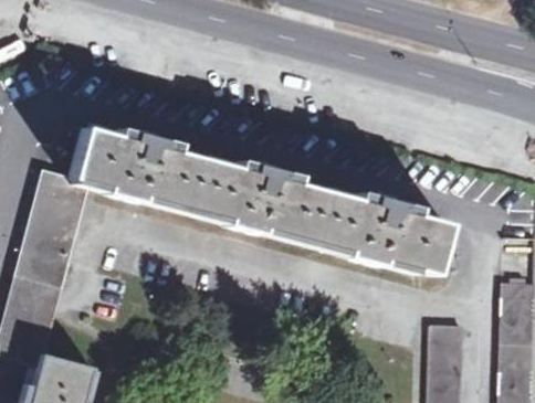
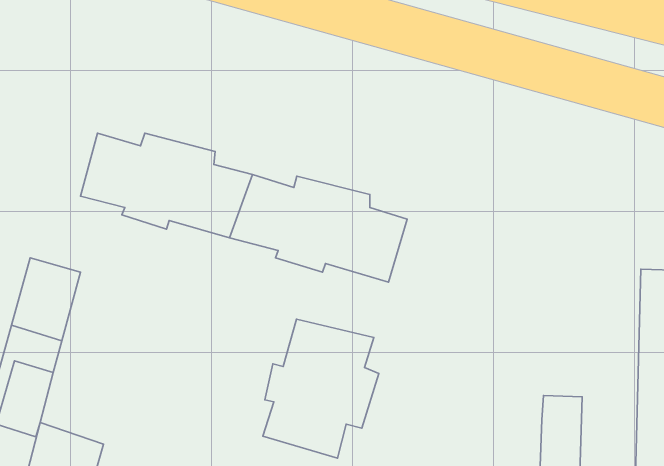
building: [34,170,88,234] -> none
building: [311,193,443,274] -> none
building: none -> [263,319,379,458]

